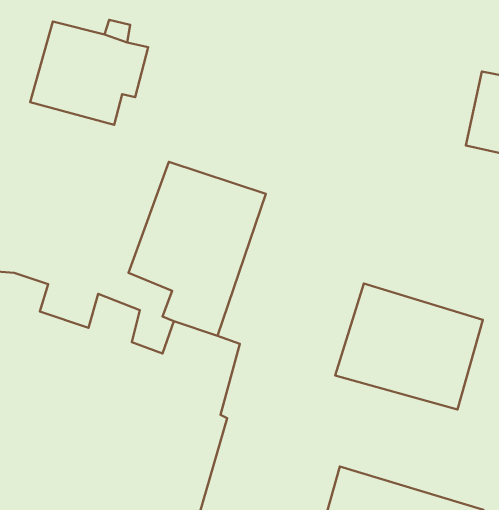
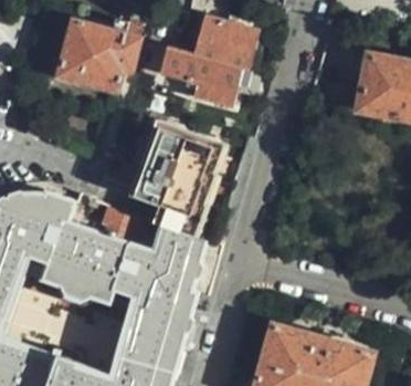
building: none -> [159,15,261,102]
building: [335,283,483,409] -> none

